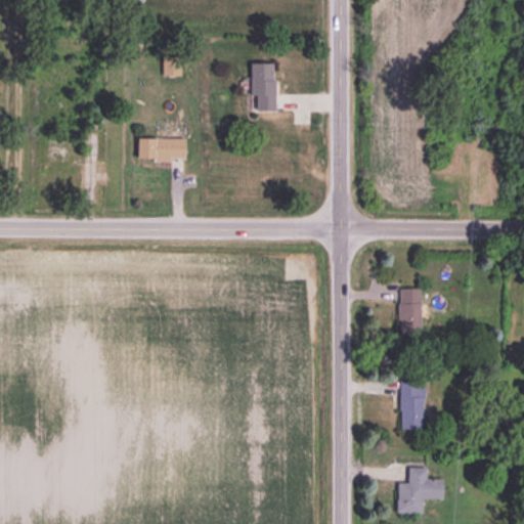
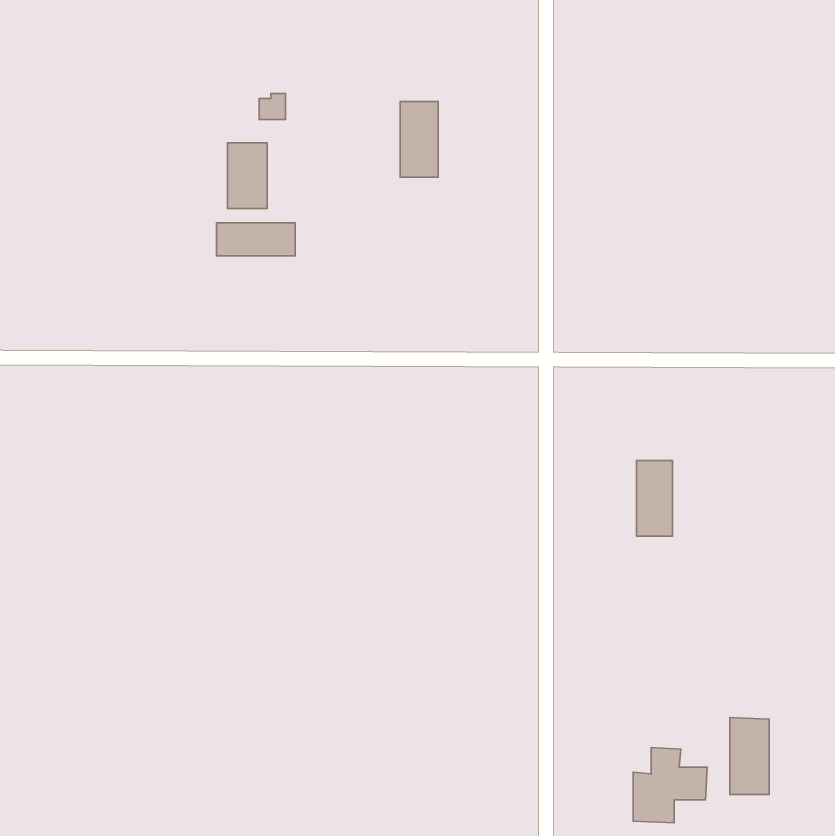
building: none -> [228,143,267,209]
building: [400,381,425,429] -> [730,717,769,794]

